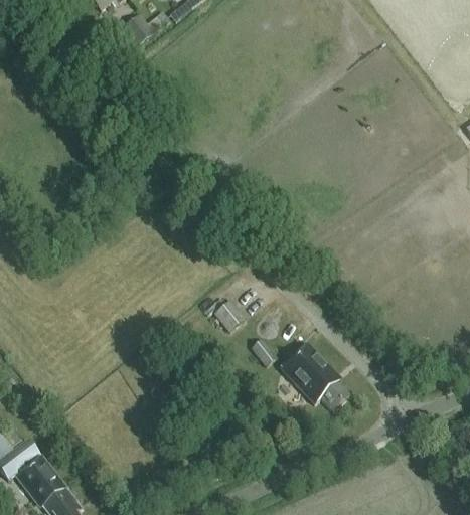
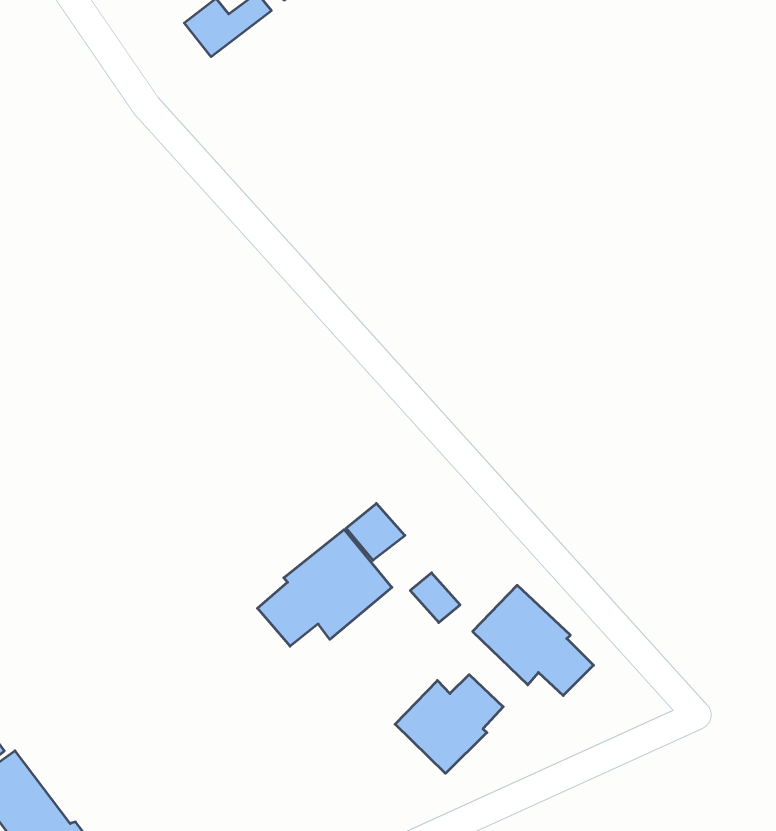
building: none -> [257,530,392,646]
building: none -> [395,675,503,773]

